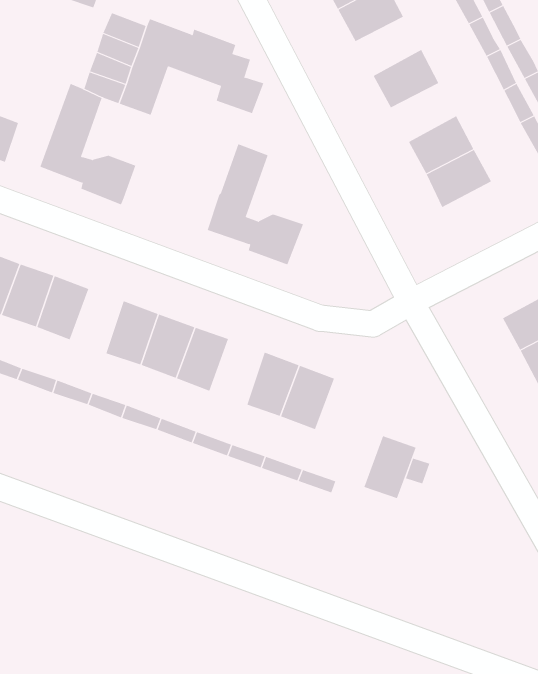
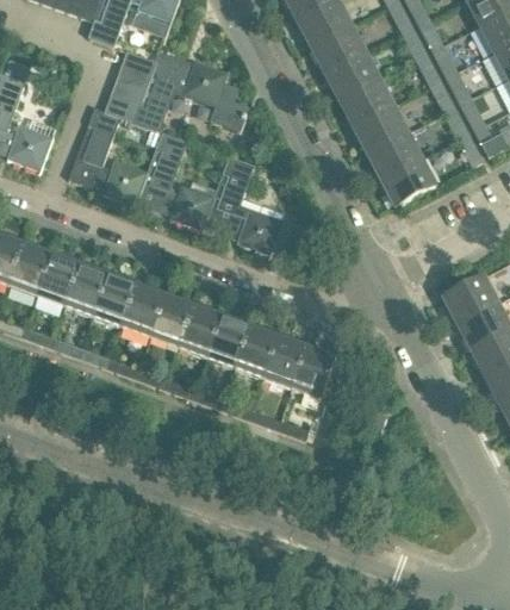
building: none -> [324,51,378,99]
building: none -> [353,105,406,152]
building: none -> [137,131,213,229]
building: none -> [93,272,136,324]
building: none -> [206,312,250,366]
building: [364,436,416,499] -> [292,344,335,396]

